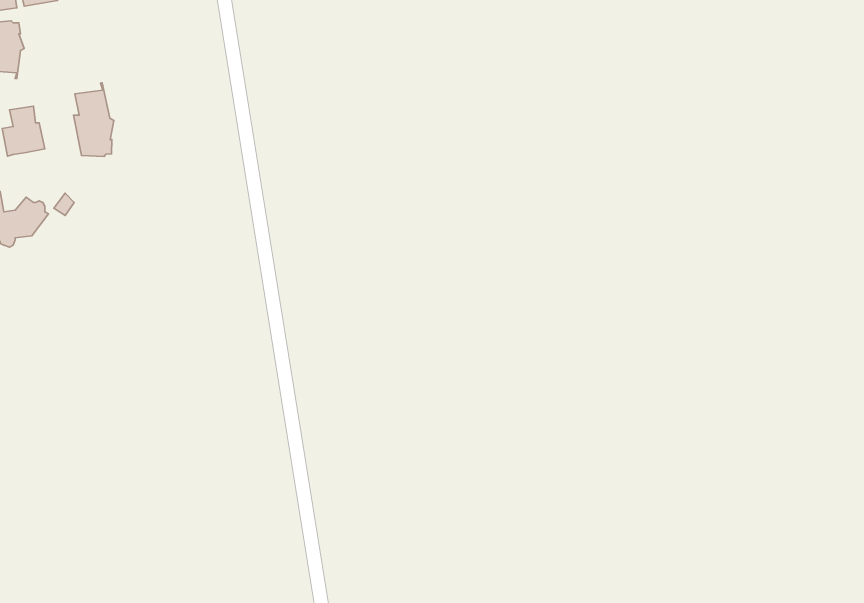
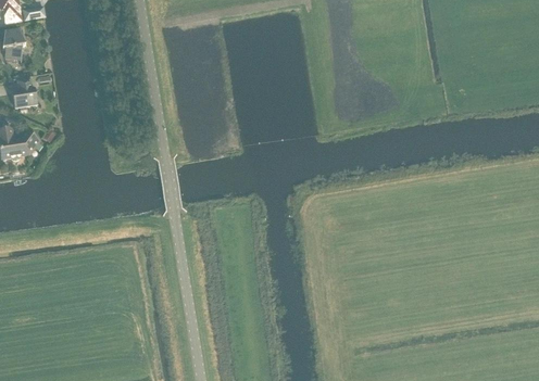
building: [73,83,114,157] -> none

